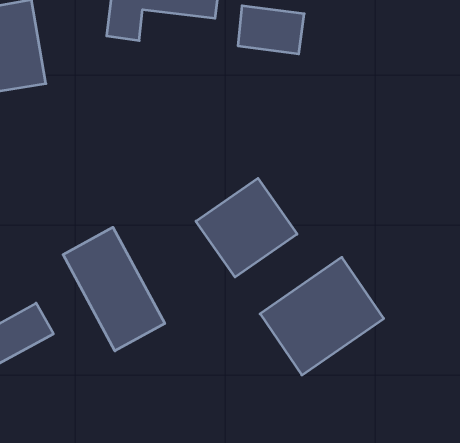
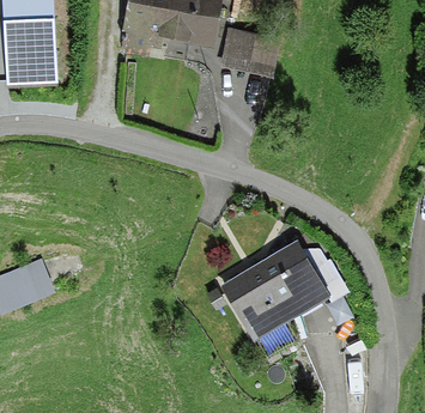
building: [196,178,297,277] -> none
building: [63,227,165,351] -> none

